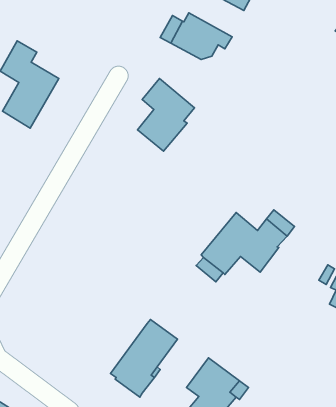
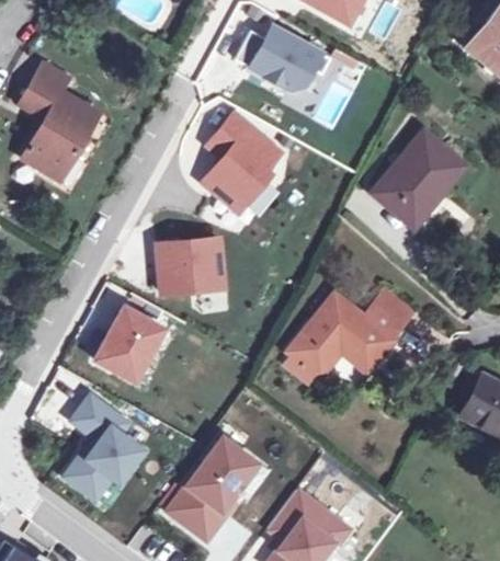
building: none -> [372,133,464,227]
building: none -> [156,239,223,295]
building: none -> [94,308,163,382]
building: none -> [64,397,141,501]

